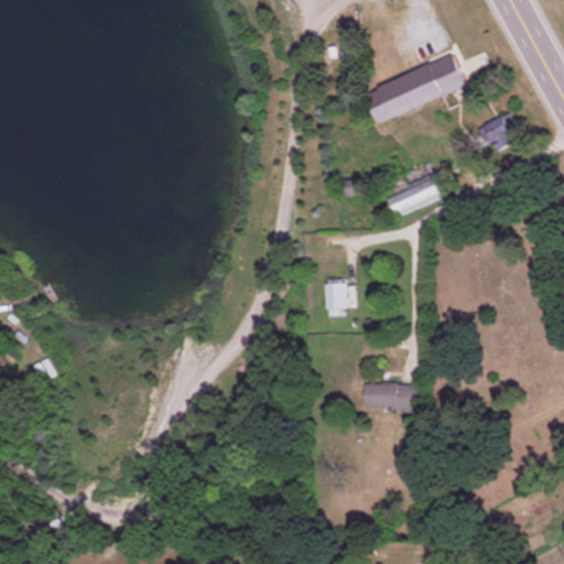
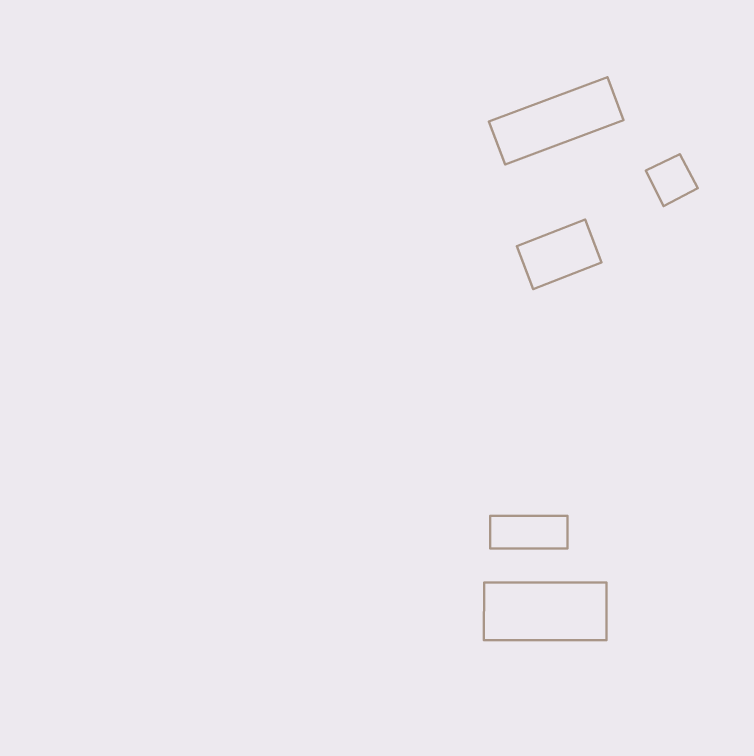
building: [325,280,345,310] -> none
building: none -> [484,582,607,640]

